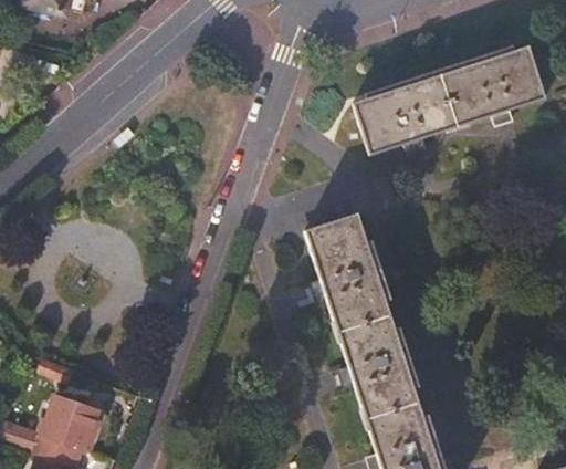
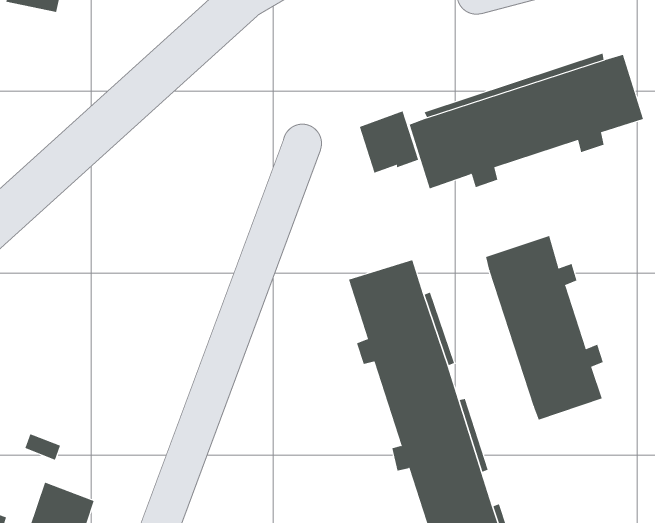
building: none -> [359,111,419,173]
building: none -> [485,235,603,420]

